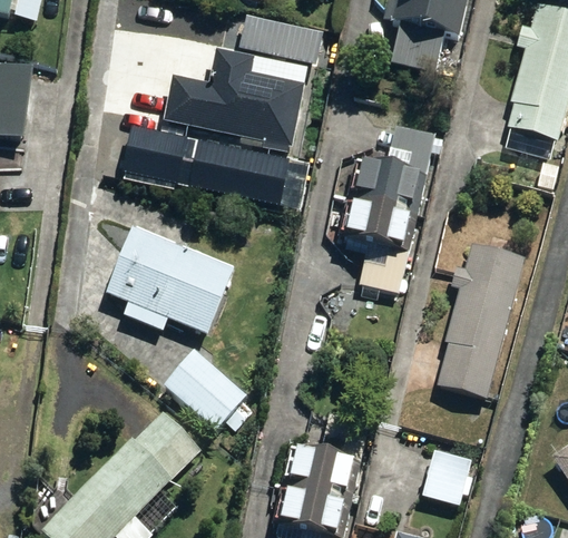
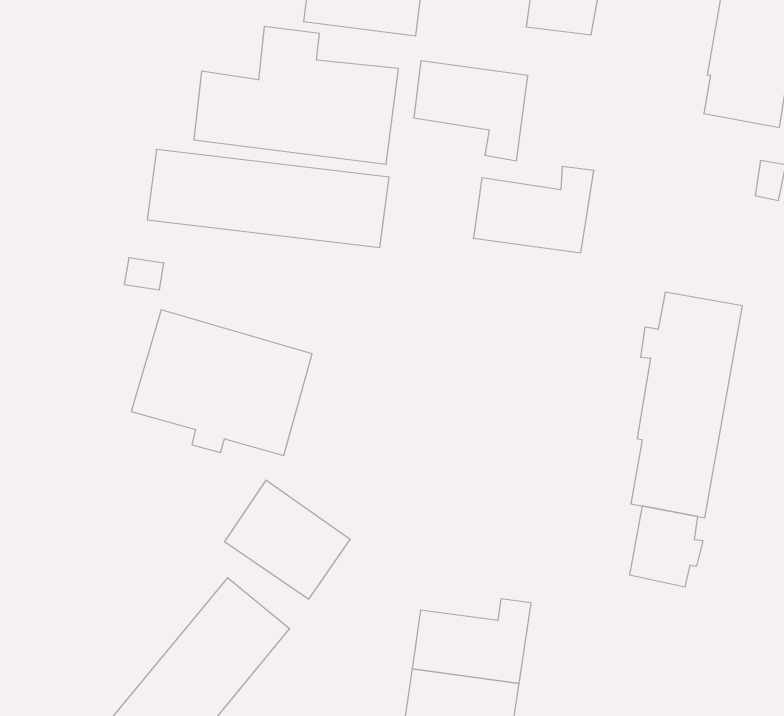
building: [337,197,417,270] -> [414,61,528,161]
building: [421,449,472,506] -> [630,506,703,587]

